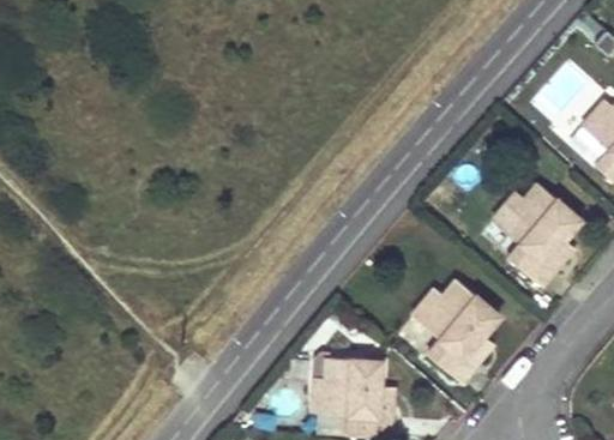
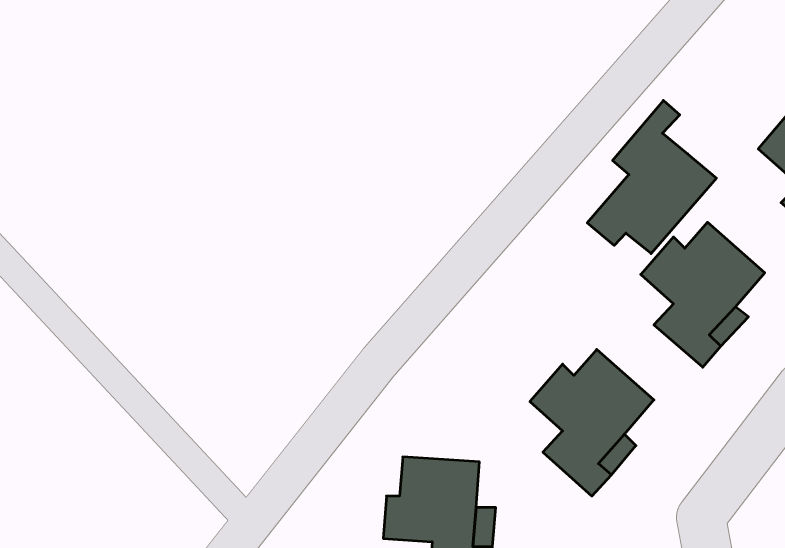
building: none -> [587,100,716,254]

